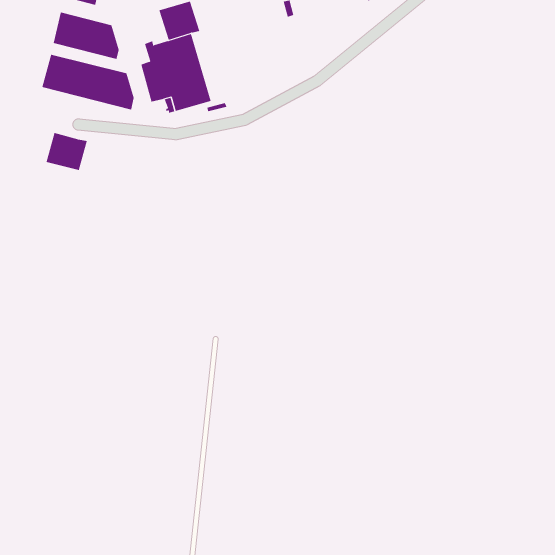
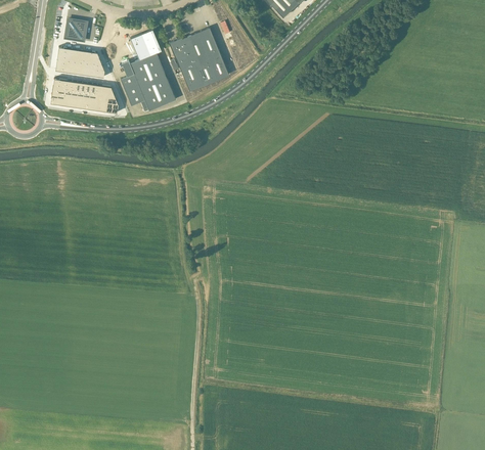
building: none -> [169,29,229,92]
building: [46,132,87,171] -> none

